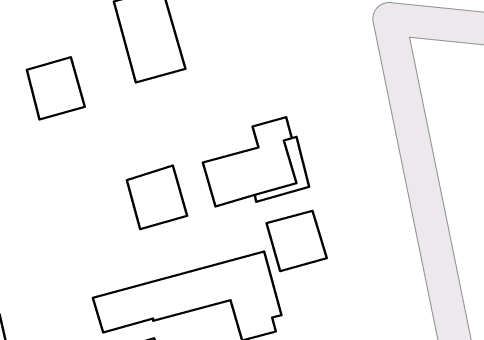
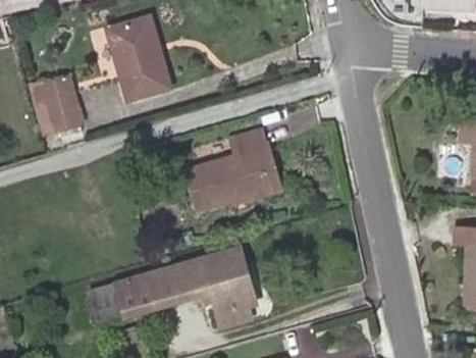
building: [127,166,187,229] -> none
building: [267,211,327,271] -> none

